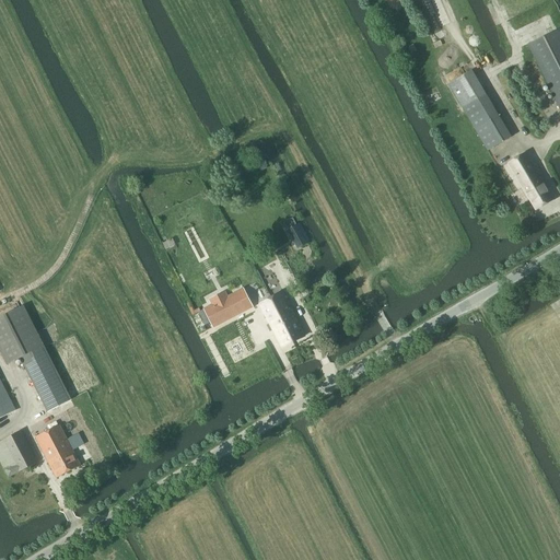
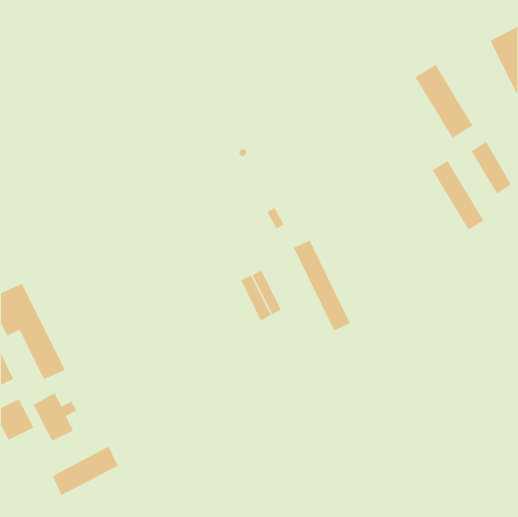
building: none -> [432,160,485,230]
building: none -> [293,240,351,332]
building: [198,288,253,326] -> none
building: none -> [52,446,119,496]

